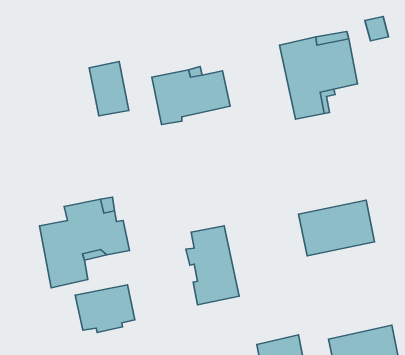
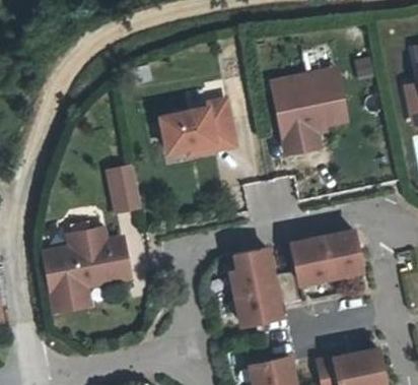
building: [89,61,129,116] -> [104,162,142,213]
building: [186,226,239,305] -> [230,249,281,324]
building: [75,285,135,332] -> none

